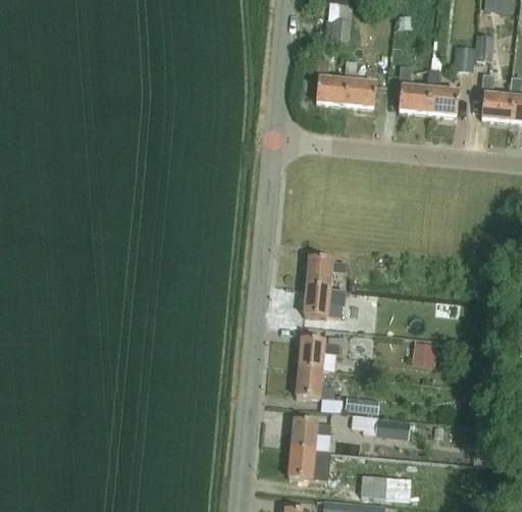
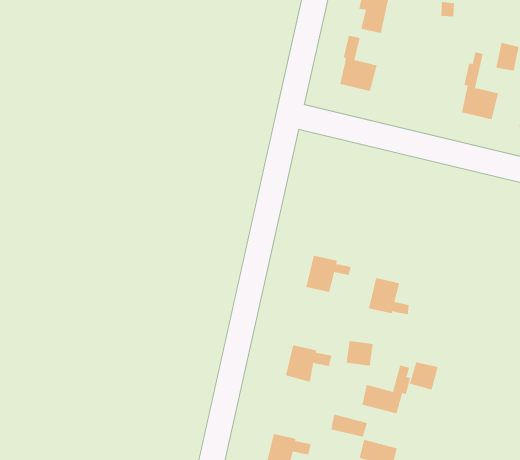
building: [343,58,375,106] -> none
building: [397,63,428,111] -> none
building: [304,286,341,316] -> [368,278,410,315]
building: none -> [362,365,411,414]
building: [297,367,334,399] -> none

